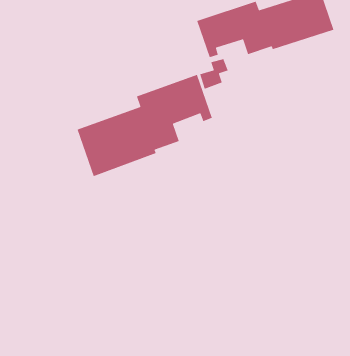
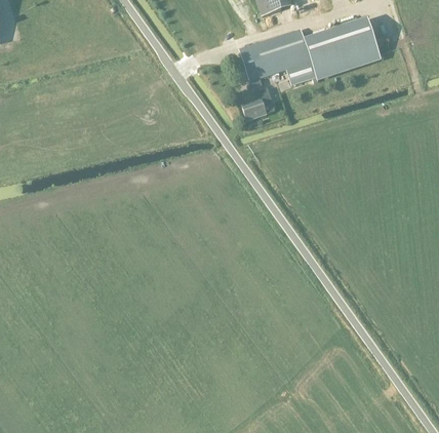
building: [77,74,213,177] -> none

